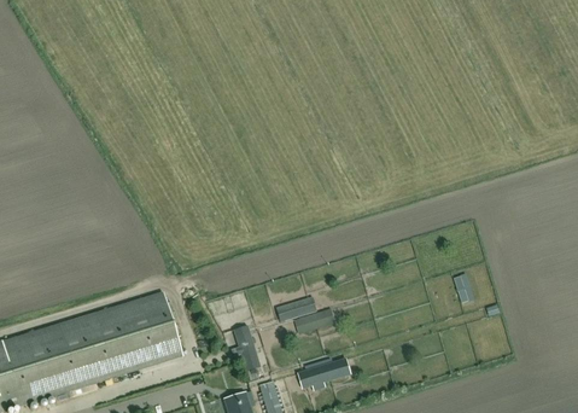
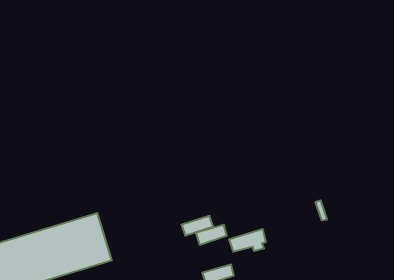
building: none -> [229,229,266,252]
building: [230,324,261,370] -> none

